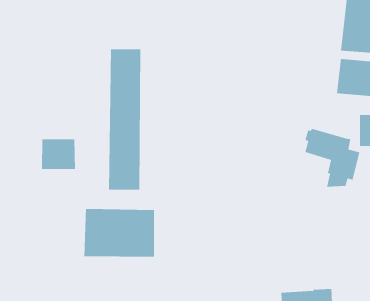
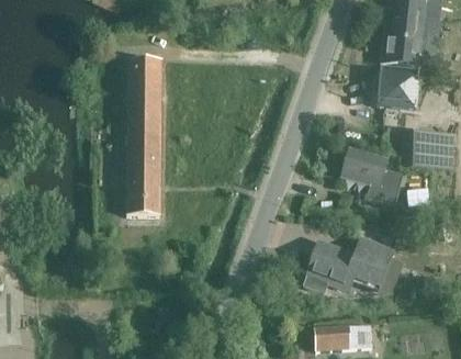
building: [42,139,75,170] -> none
building: none -> [307,235,396,291]
building: [84,208,155,257] -> none

